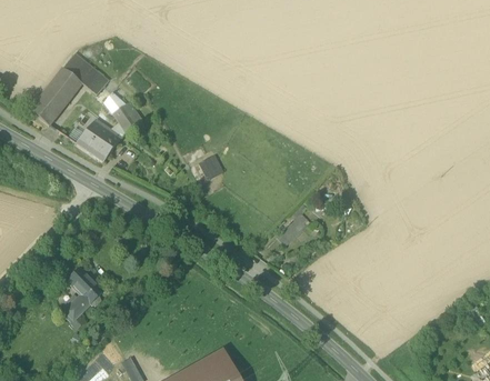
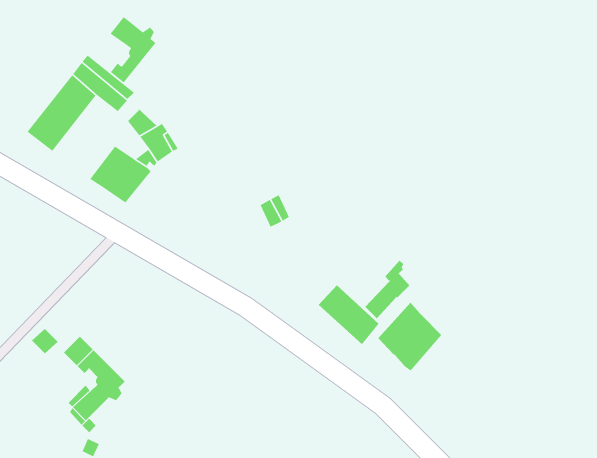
building: none -> [110,16,157,84]
building: none -> [318,285,380,345]
building: none -> [377,302,442,371]

